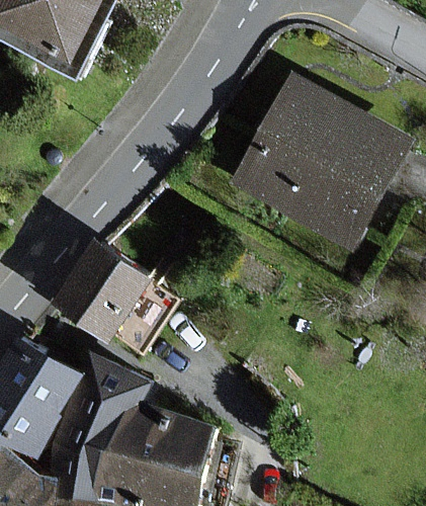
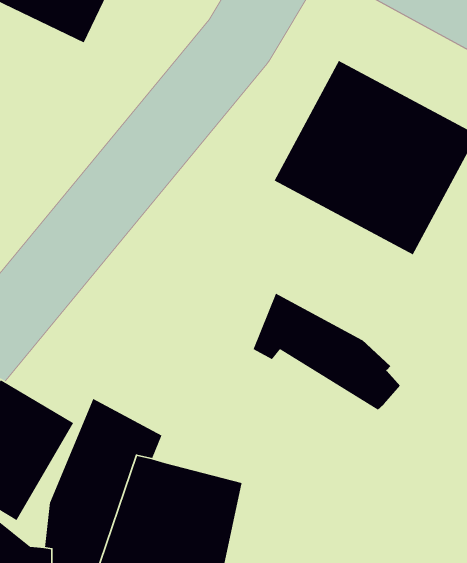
building: [56,245,145,336] -> none
building: none -> [252,293,401,411]

